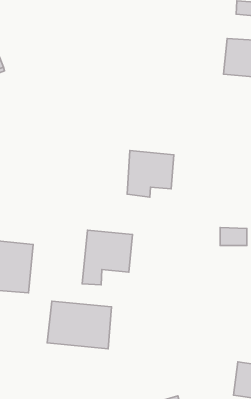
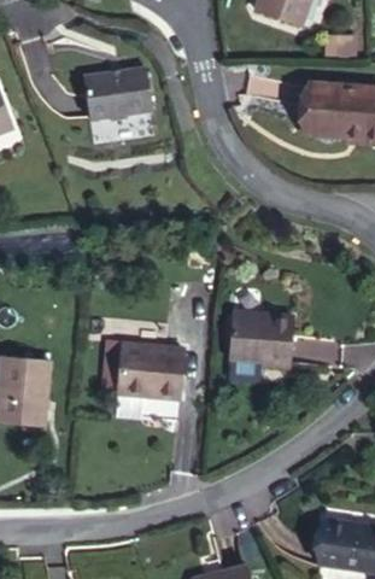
building: none -> [88,62,158,115]
building: [127,150,174,197] -> [228,314,291,376]
building: [47,301,112,349] -> none

